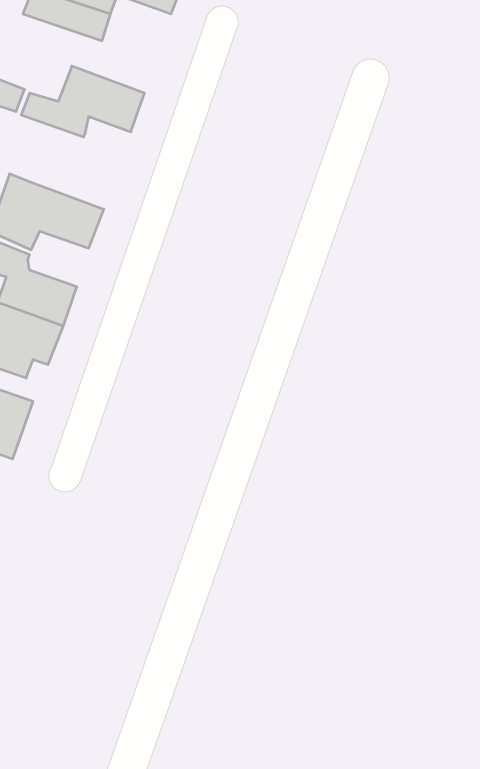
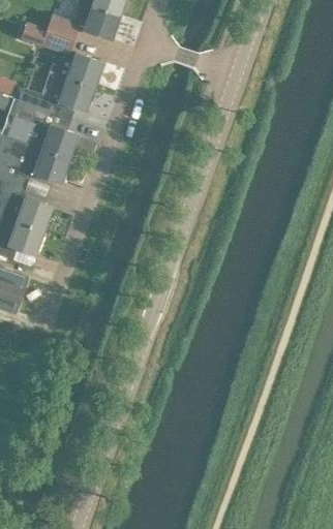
building: none -> [49,51,102,87]
building: none -> [12,100,78,158]

